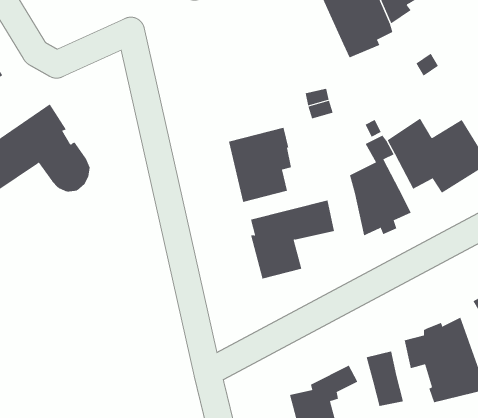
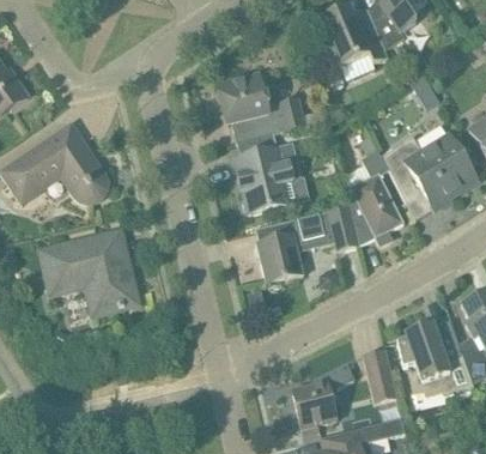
building: none -> [218,72,304,140]
building: none -> [328,204,360,249]
building: none -> [42,230,138,313]

